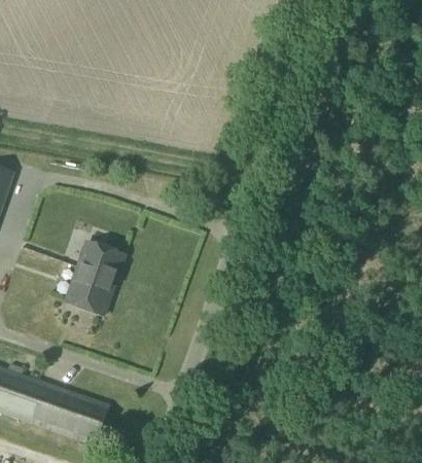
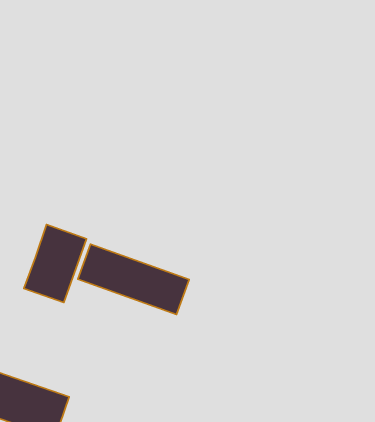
building: none -> [78,244,189,314]

